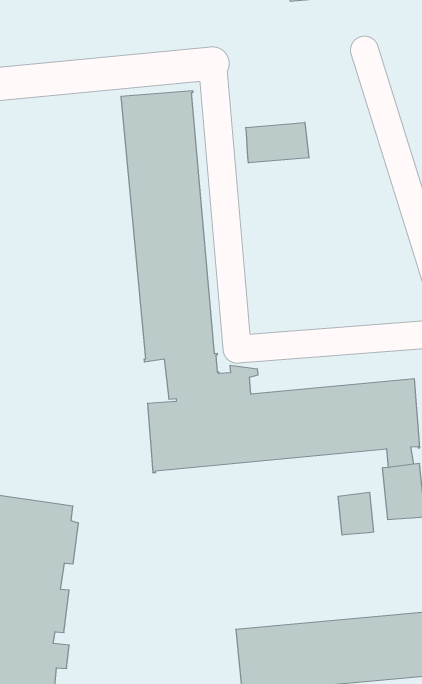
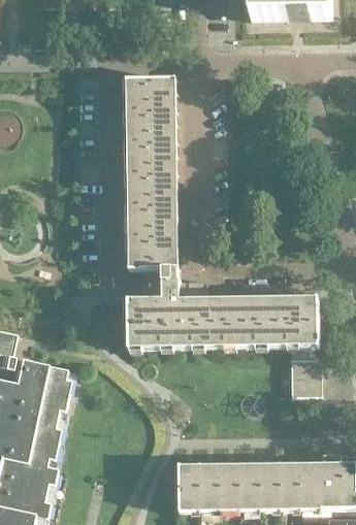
building: [246,122,309,163] -> none
building: [338,492,374,535] -> none

